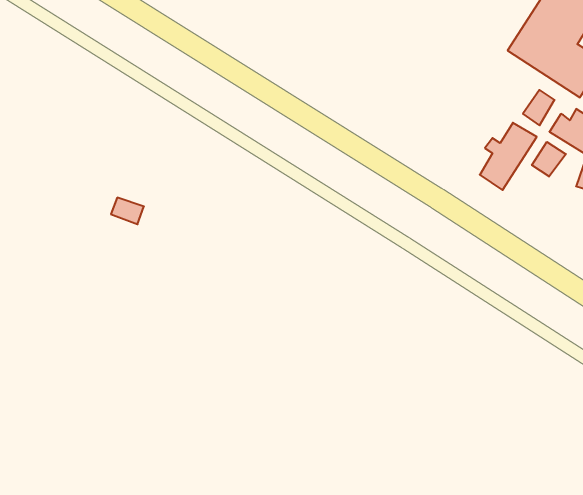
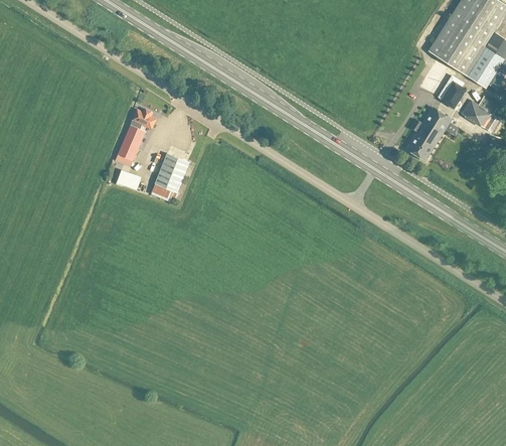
building: none -> [114,110,154,167]
building: [532,142,566,177] -> none
building: none -> [150,153,188,203]

